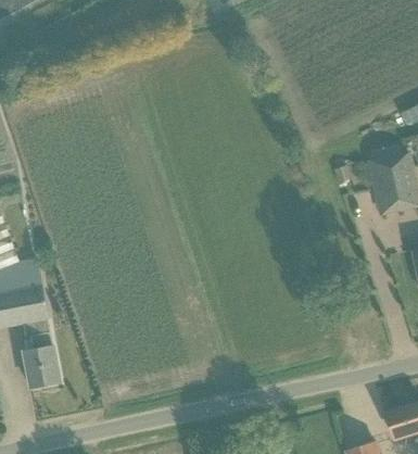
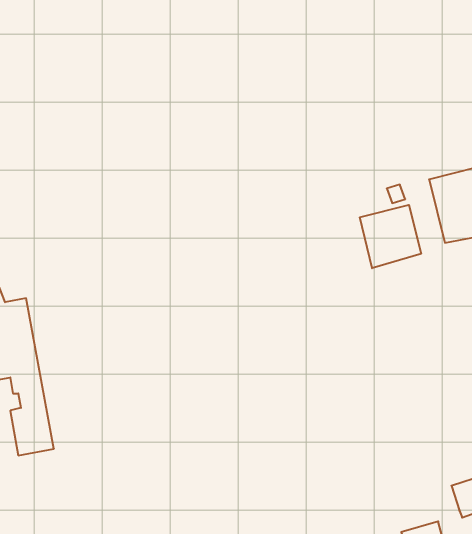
building: none -> [360,205,421,268]

